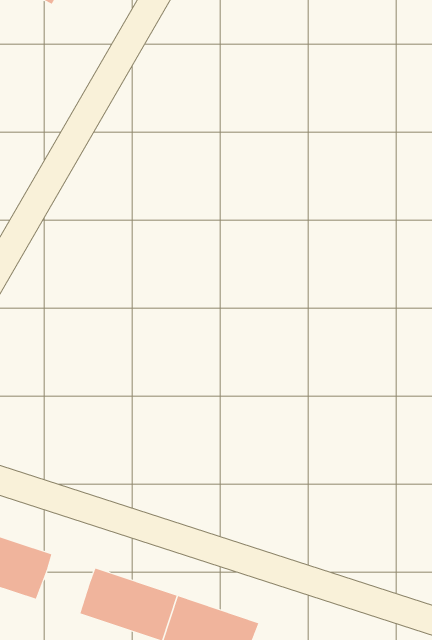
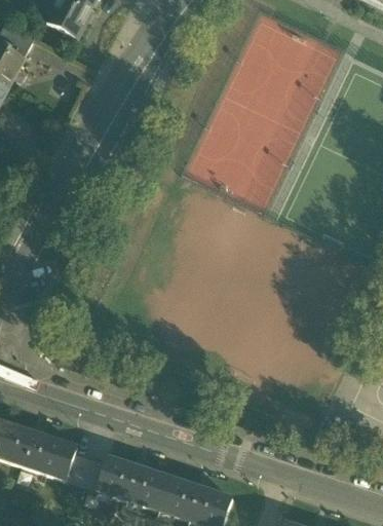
building: none -> [66,455,105,488]

